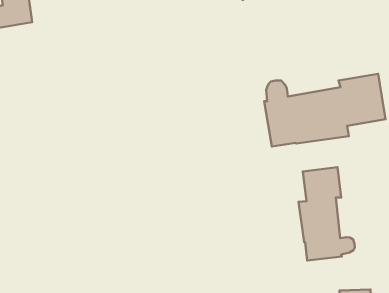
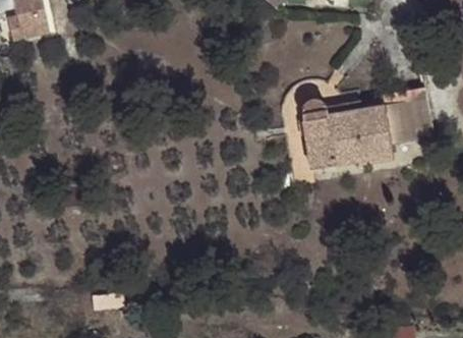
building: [298,167,355,261] -> none

